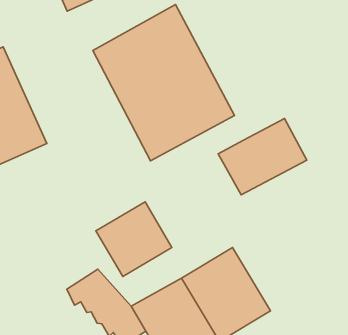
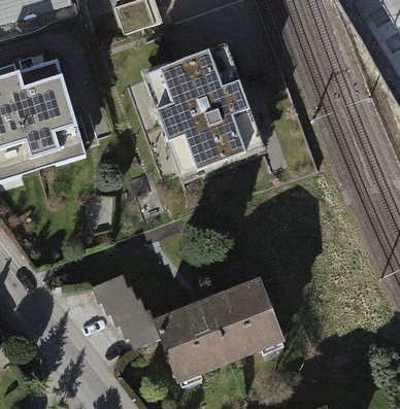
building: [218,119,307,195] -> none
building: [96,202,172,277] -> none

